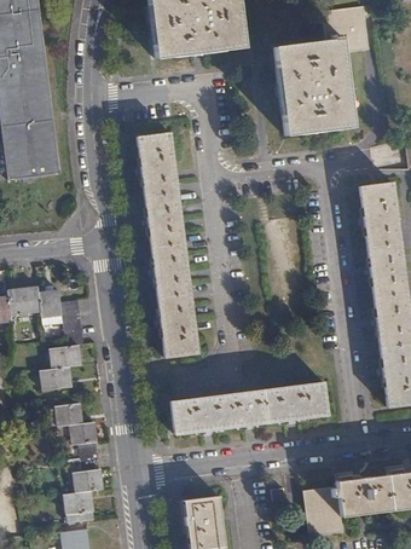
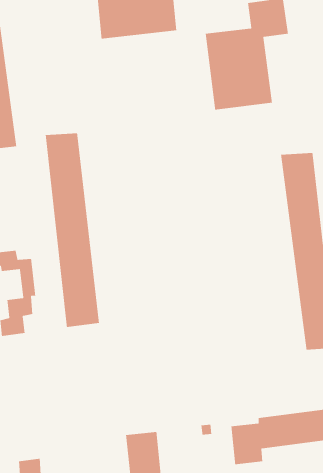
building: [137,133,199,356] -> [45,133,100,328]
building: [170,381,328,434] -> none
building: [54,404,100,514] -> none

